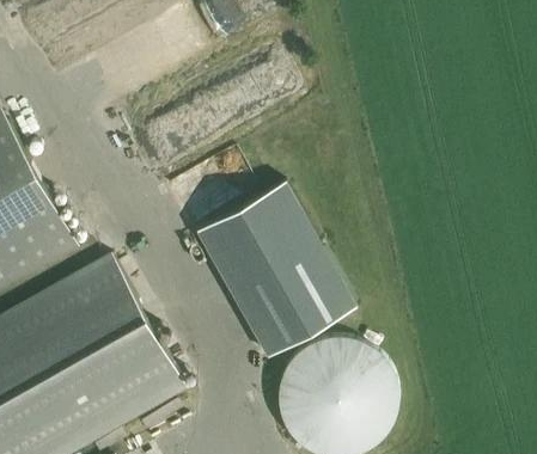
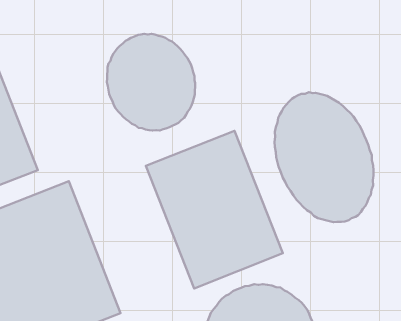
building: none -> [107,34,195,131]
building: none -> [274,92,374,222]

